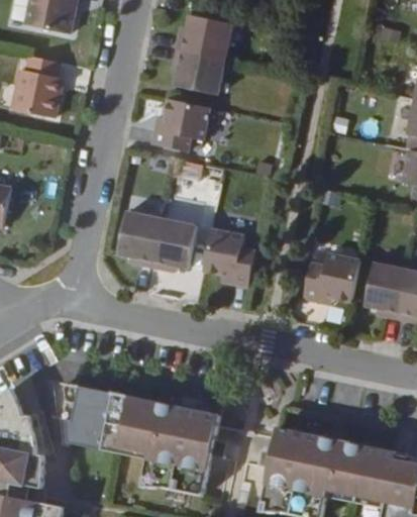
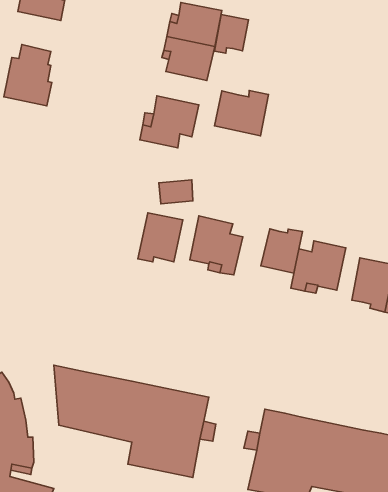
building: none -> [214,15,249,53]
building: none -> [214,90,269,136]
building: [114,217,158,271] -> none
building: none -> [261,229,303,273]

